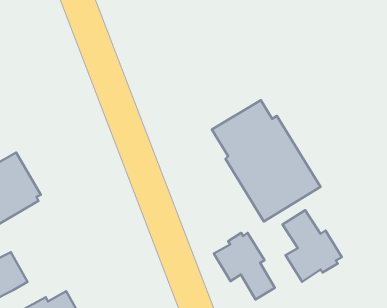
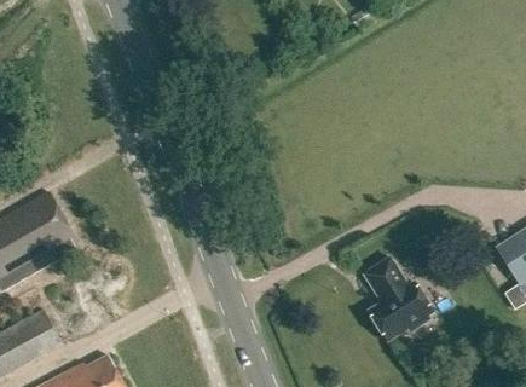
building: [212,100,321,222] -> none
building: [214,233,275,300] -> none

